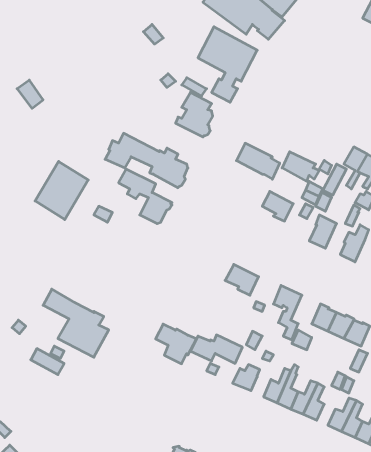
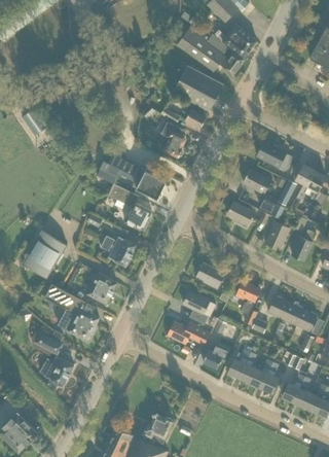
building: [236,143,280,179] -> [256,142,292,172]
building: [35,161,88,220] -> [22,231,66,279]
building: none -> [100,236,136,267]
building: none -> [86,273,116,305]
building: [156,324,196,364] -> [182,292,216,325]
building: none -> [39,356,73,389]

